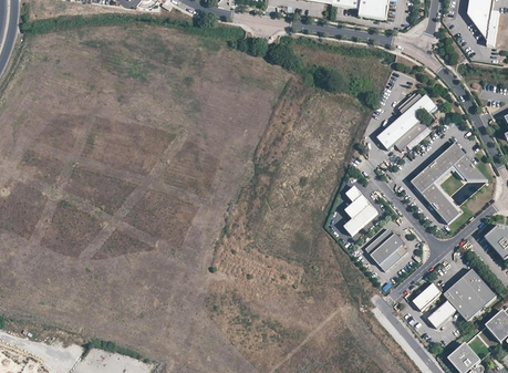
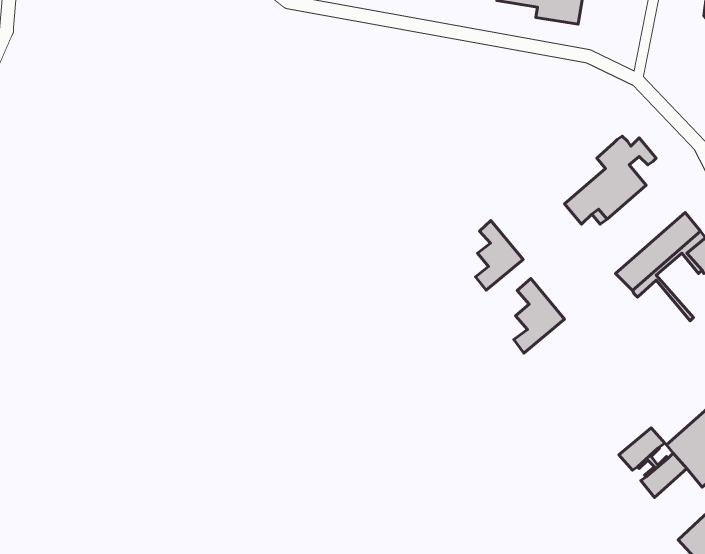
building: none -> [476,221,523,290]
building: [424,186,459,224] -> none
building: [364,228,407,271] -> none

